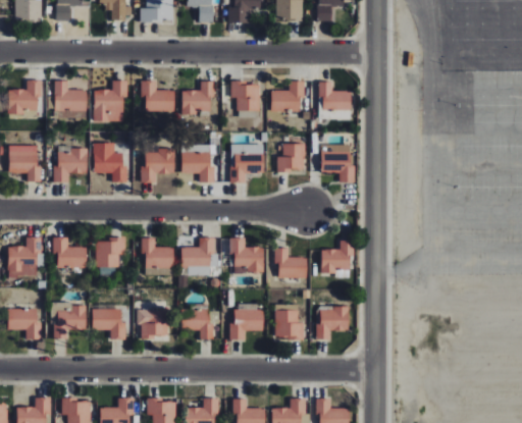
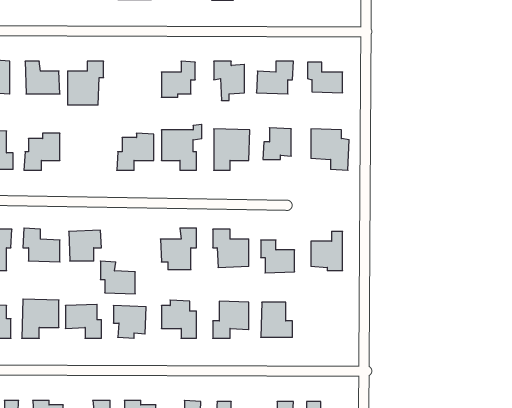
building: [141,81,174,112] -> none
building: [93,143,127,182] -> none
building: [141,237,173,268] -> [100,261,135,294]
building: [316,308,349,339] -> none

